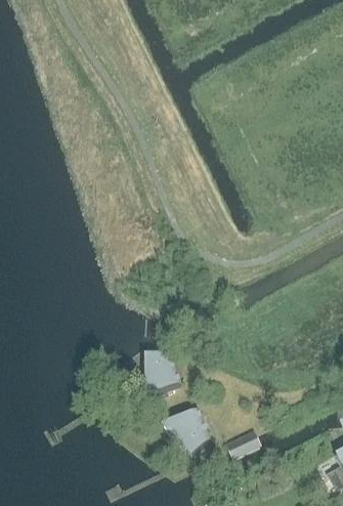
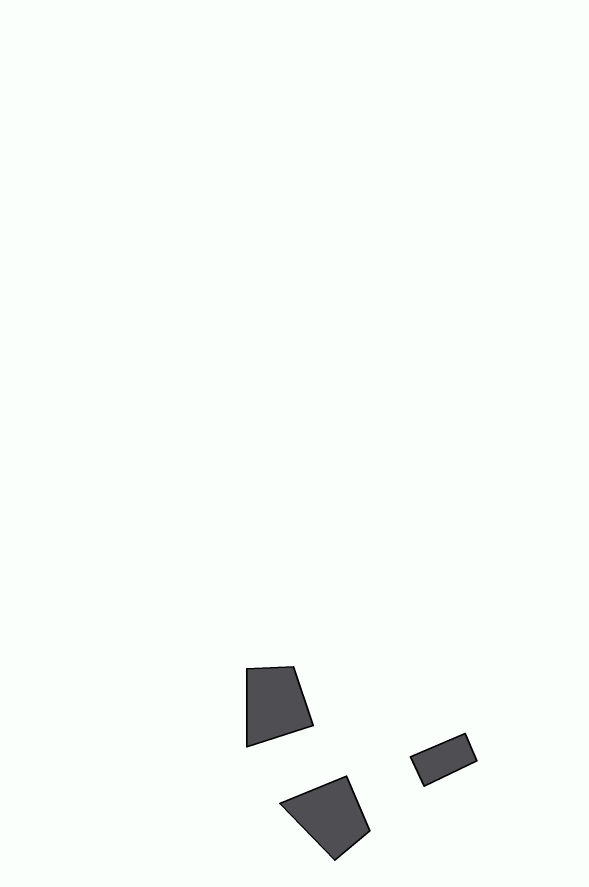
building: [224,429,259,457] -> [410,734,477,786]

